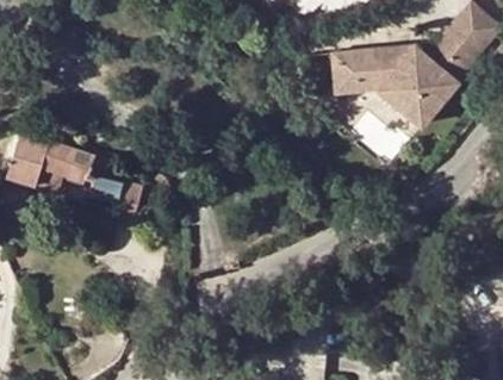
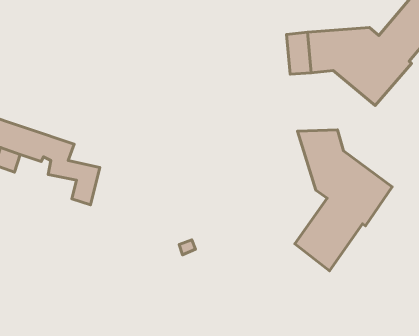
building: none -> [295,130,392,271]

